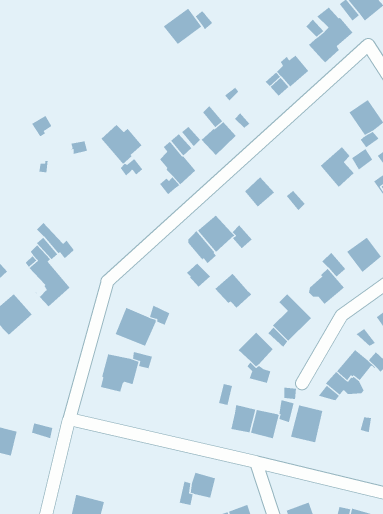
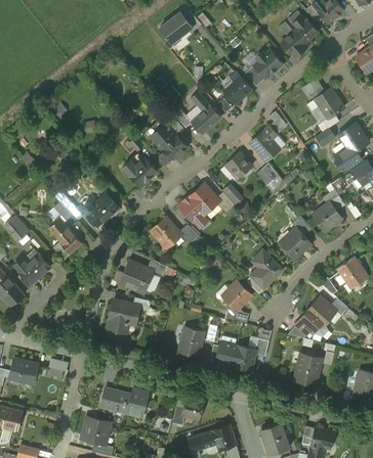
building: none -> [222,73,251,104]
building: [101,124,142,165] -> [122,154,157,188]
building: [320,146,354,188] -> [250,127,279,162]
building: none -> [83,194,118,226]
building: [215,273,253,308] -> [150,217,181,246]
building: none -> [177,326,204,357]
building: [290,405,323,443] -> [293,354,321,385]
building: none -> [100,388,148,415]

